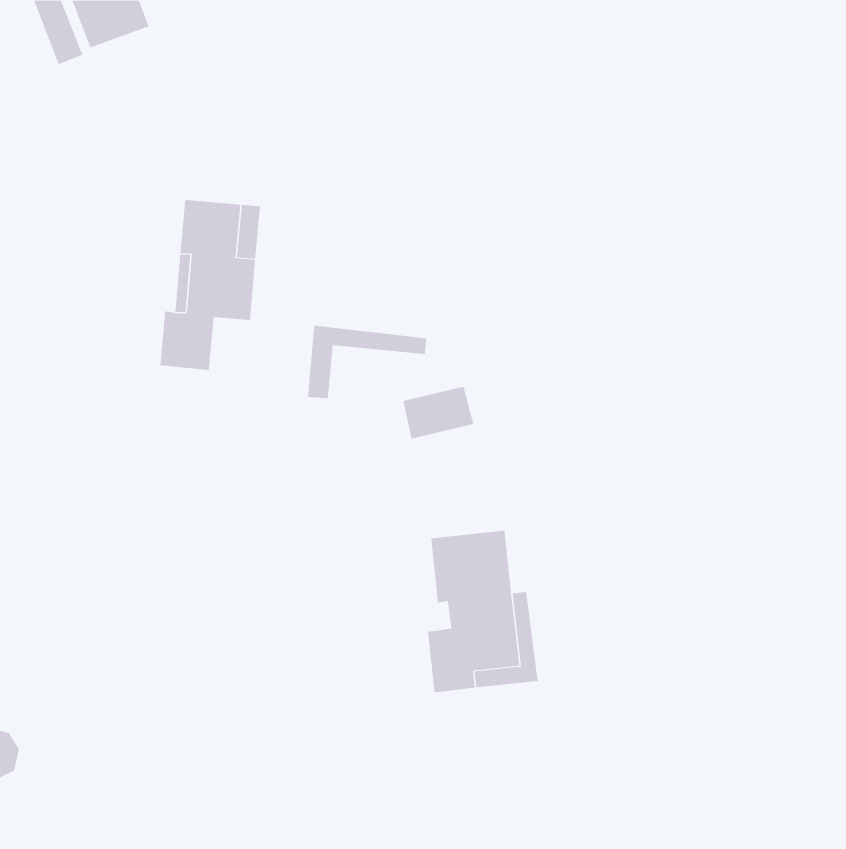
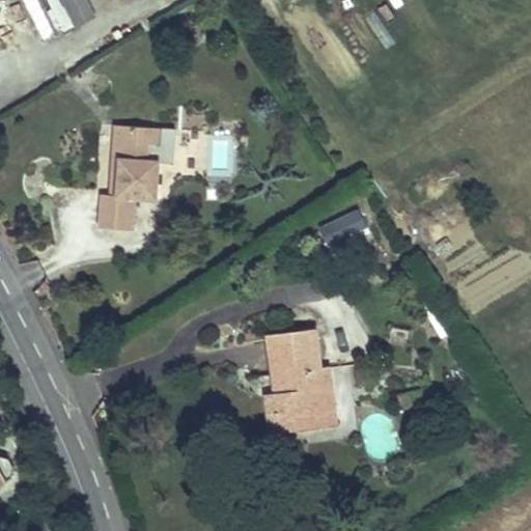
building: [307,325,427,399] -> none
building: [403,386,474,439] -> [322,209,366,243]

